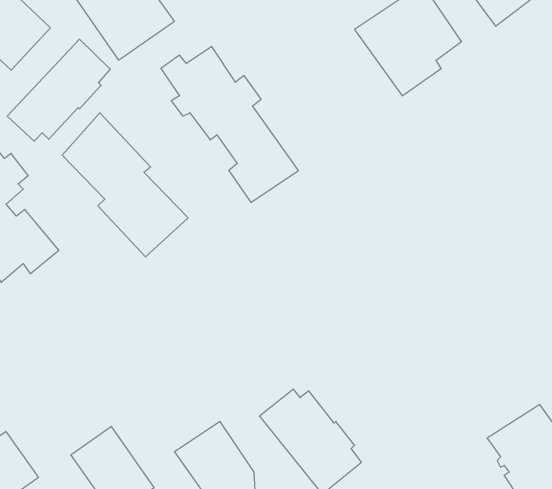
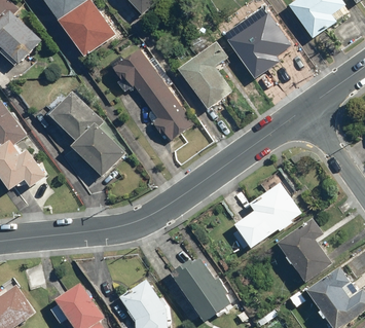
building: none -> [178,41,230,108]
building: [7,39,110,141] -> none
building: none -> [230,177,301,249]
building: none -> [273,218,333,285]

